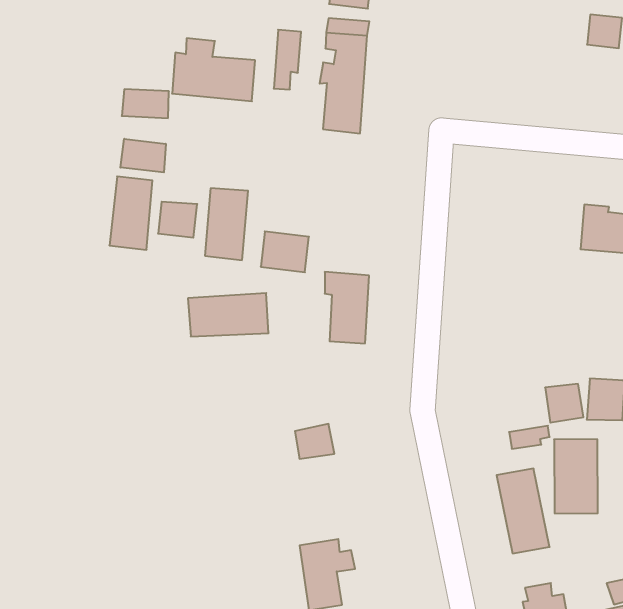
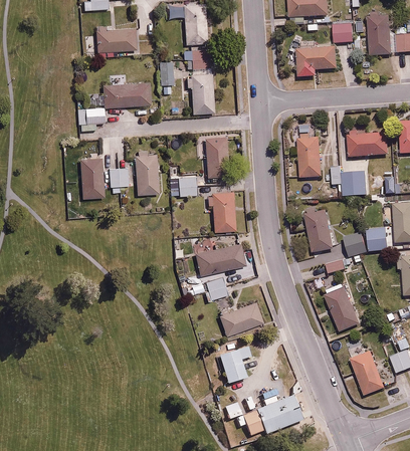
building: none -> [293,41,335,70]
building: [120,139,166,172] -> none
building: none -> [201,137,229,177]
building: none -> [295,135,319,177]
building: none -> [329,167,366,196]
building: [188,293,269,336] -> [197,243,245,274]
building: [554,439,598,513] -> [302,207,334,252]
building: none -> [220,301,264,335]

